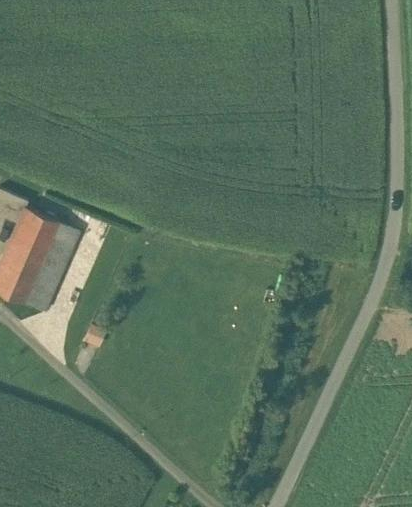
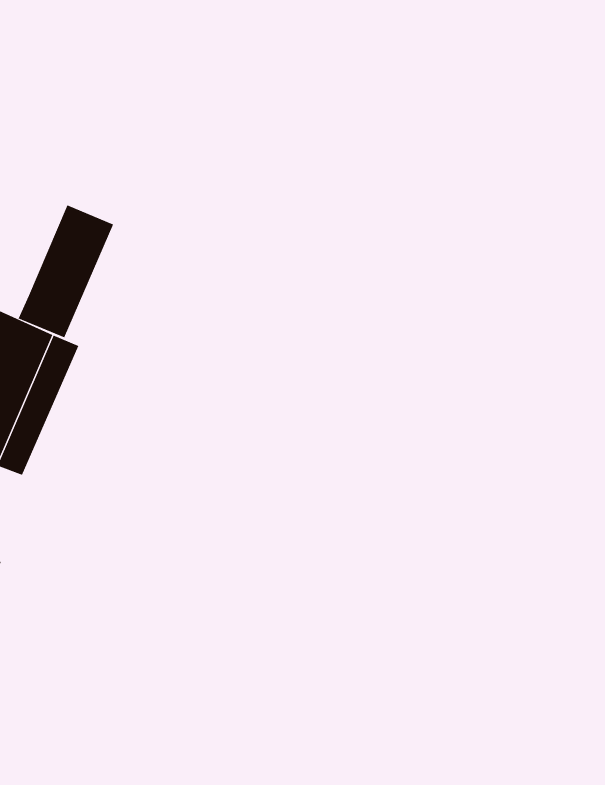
building: none -> [18,205,114,338]

